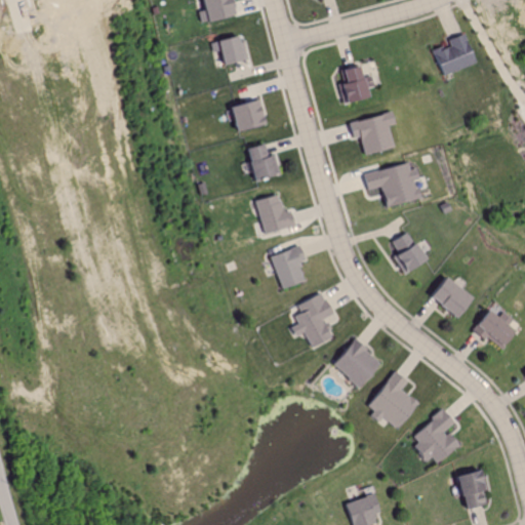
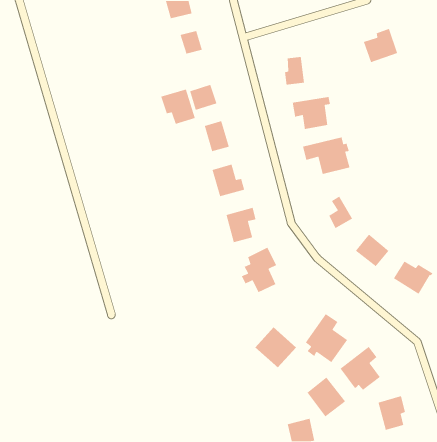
building: none -> [160,88,196,125]
building: [331,339,381,389] -> [255,327,297,368]
building: none -> [306,377,346,418]

